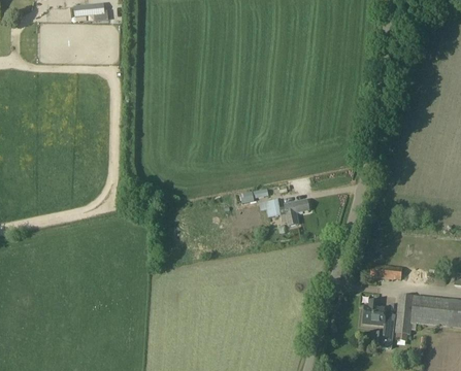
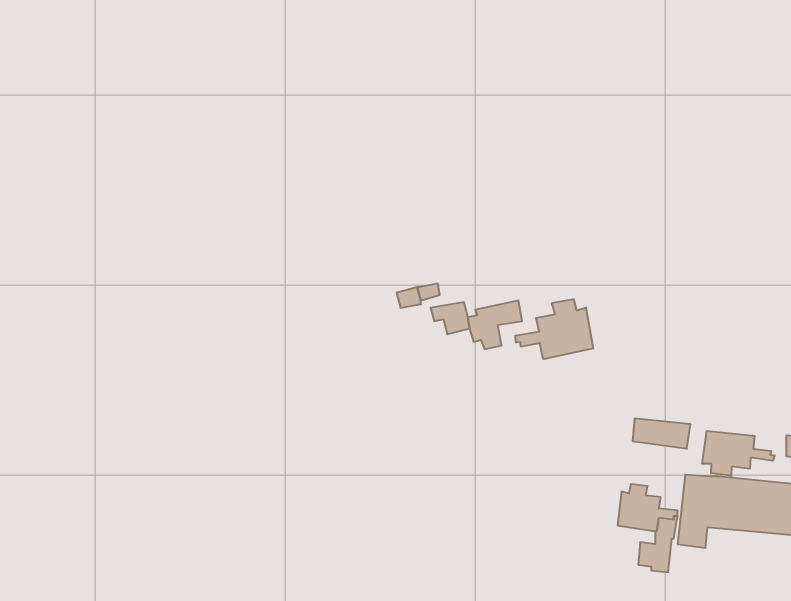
building: none -> [515,299,593,359]
building: none -> [702,431,775,476]

